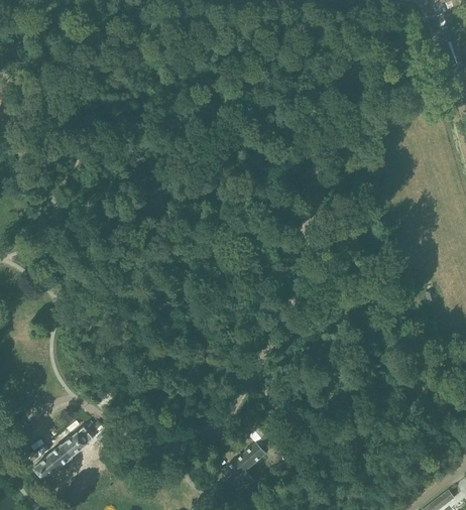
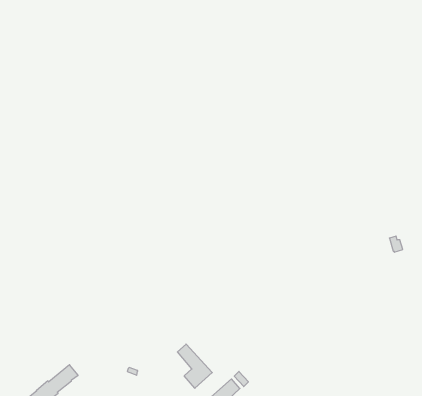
building: none -> [177,344,212,388]

